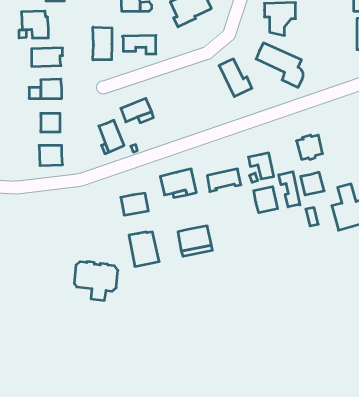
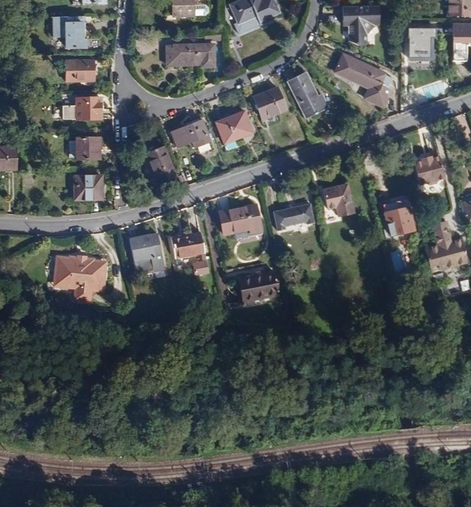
building: none -> [403,28,431,58]
building: [93,27,112,60] -> none
building: none -> [253,87,286,119]
building: none -> [215,110,252,143]
building: [296,135,323,159] -> [413,155,444,184]
building: [279,172,300,207] -> none
building: [254,187,278,213] -> none
building: [129,232,159,266] -> [129,233,165,274]
building: [74,262,118,300] -> [54,256,106,302]

